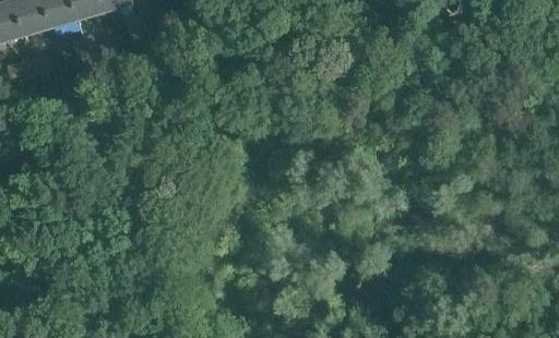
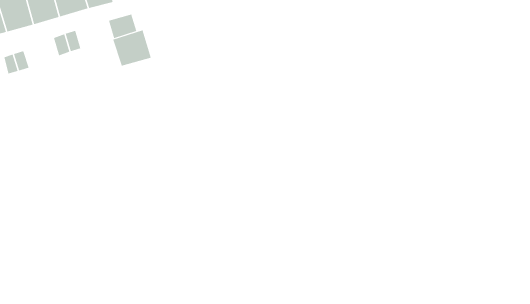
building: none -> [113,29,151,66]

